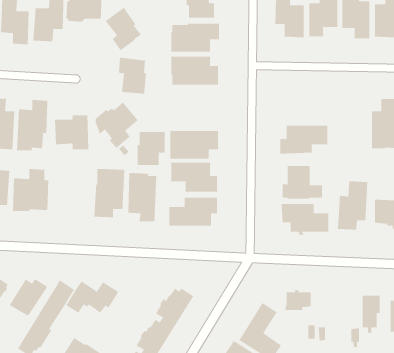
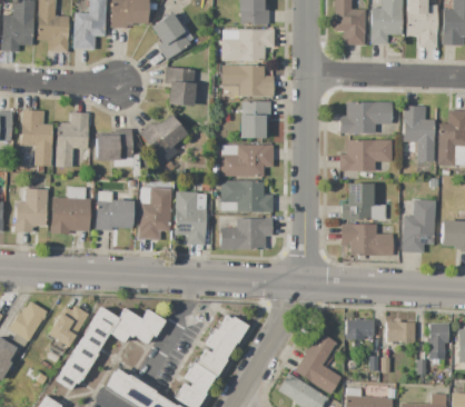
building: none -> [340,102,392,133]
building: none -> [403,106,435,161]
building: [137,131,166,165] -> [240,101,271,138]
building: none -> [96,191,132,231]
building: none -> [385,320,415,343]

